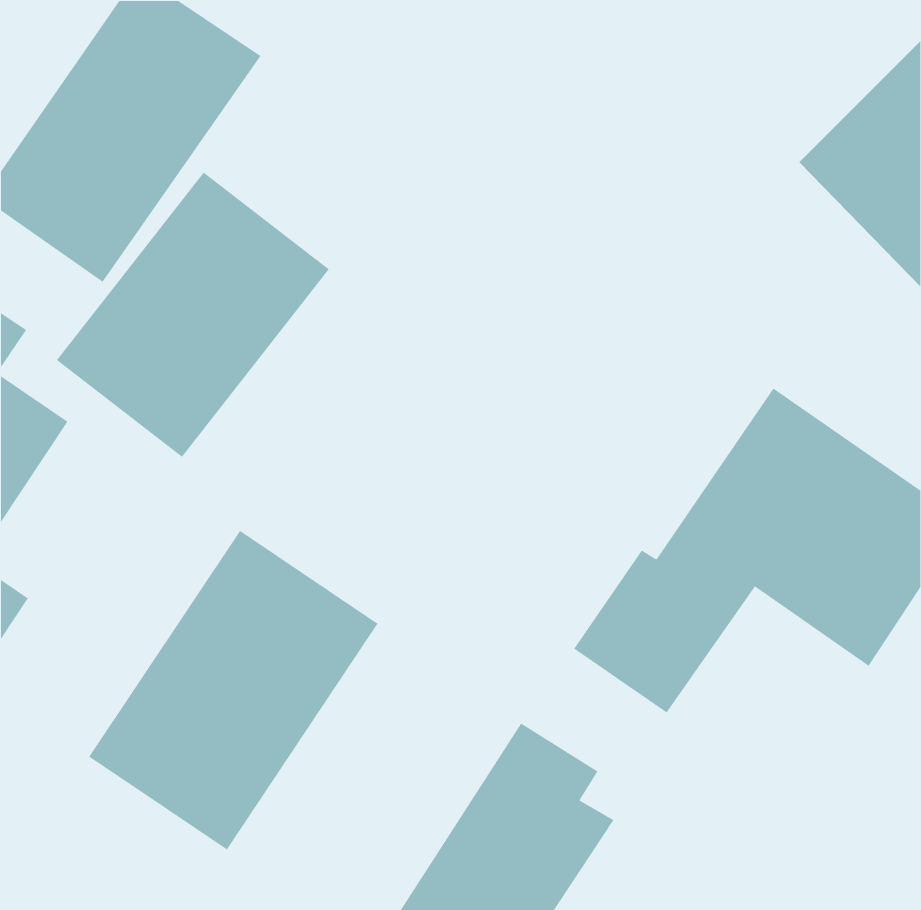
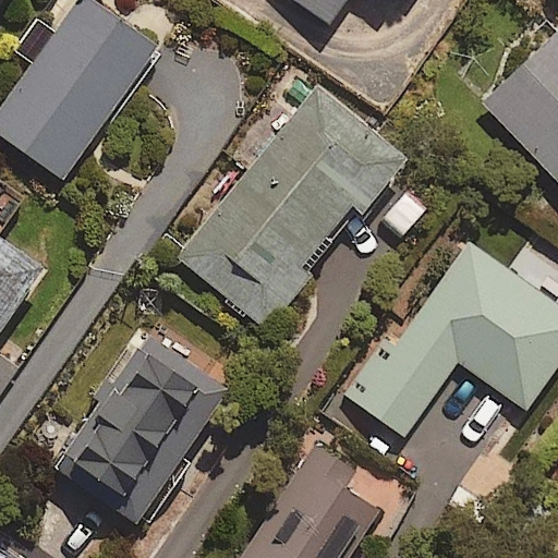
building: none -> [180,88,400,328]
building: [56,172,330,458] -> none

